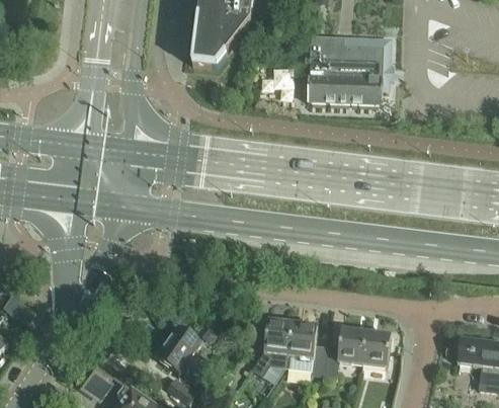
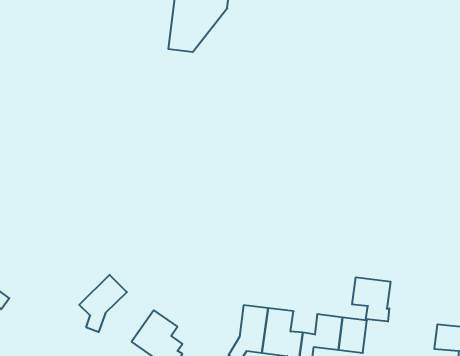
building: [307,34,390,104] -> none
building: none -> [79,275,127,332]
building: none -> [352,277,391,322]

